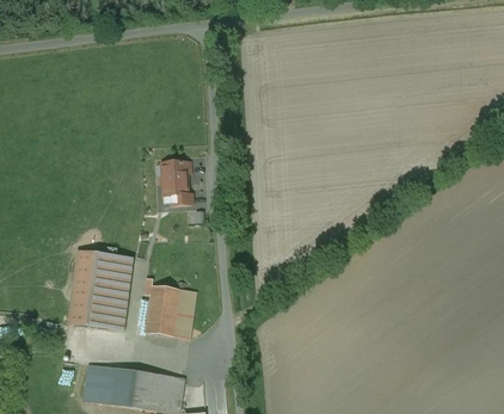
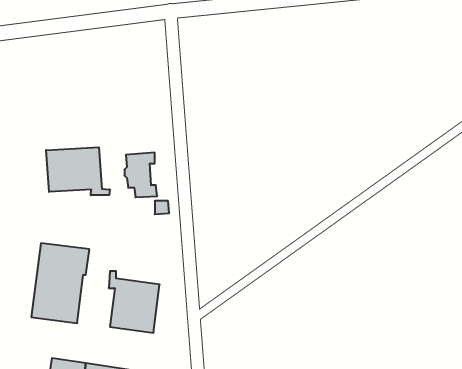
building: none -> [46,147,110,195]

